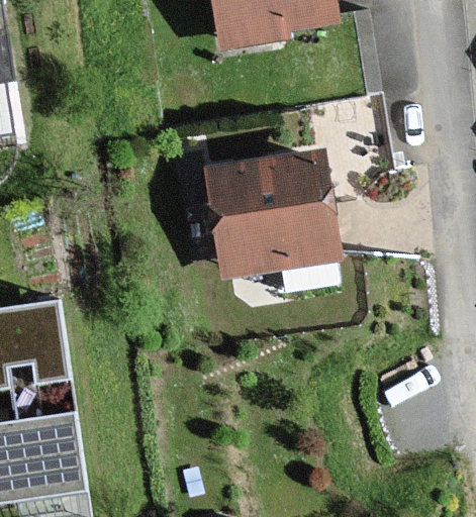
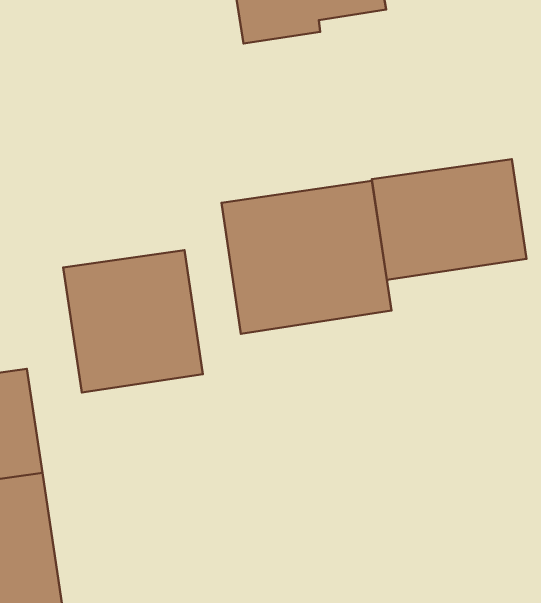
building: none -> [372,159,527,280]
building: none -> [63,250,203,392]

